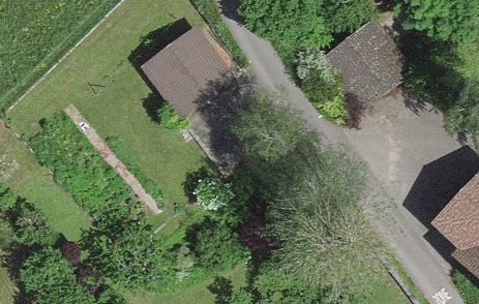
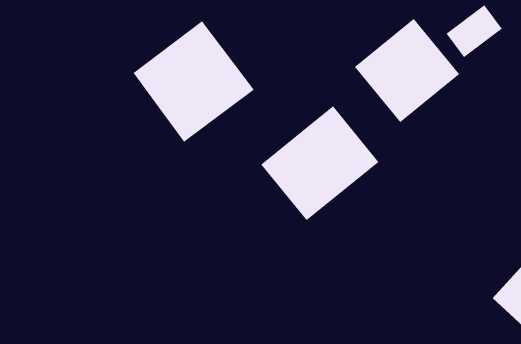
building: none -> [260,105,380,221]

